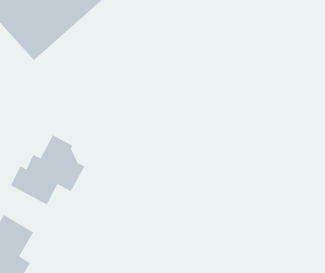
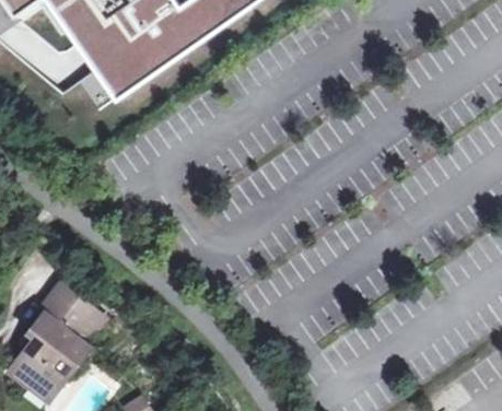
building: [10,134,86,205] -> none

